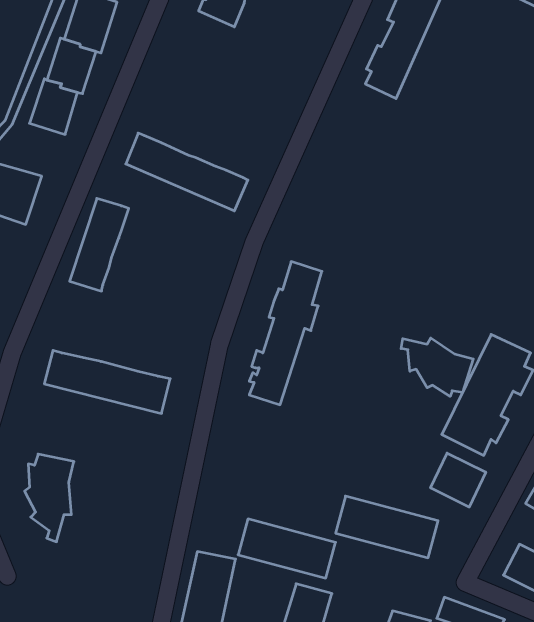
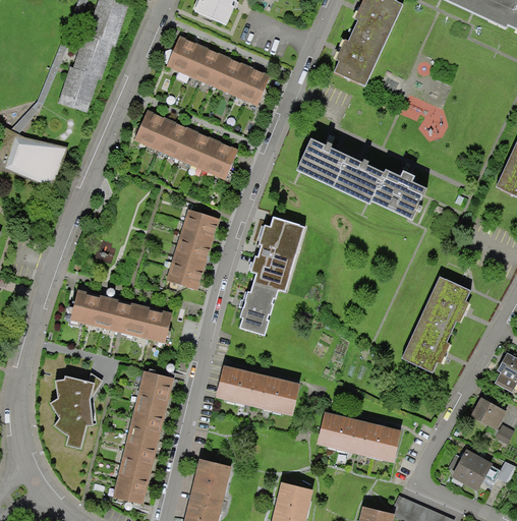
building: none -> [168,37,270,104]
building: none -> [300,140,426,217]
building: [70,198,129,291] -> [169,214,218,290]
building: [401,338,473,396] -> none
building: none -> [115,371,173,504]
building: [431,453,486,507] -> none
building: [238,519,336,578] -> [212,366,292,415]

